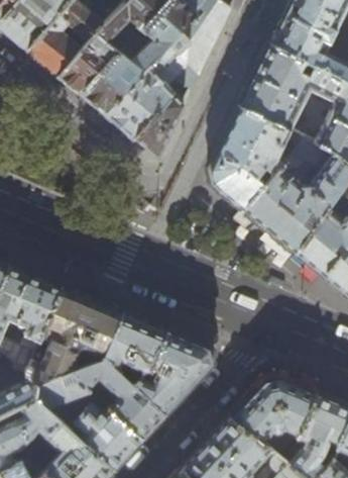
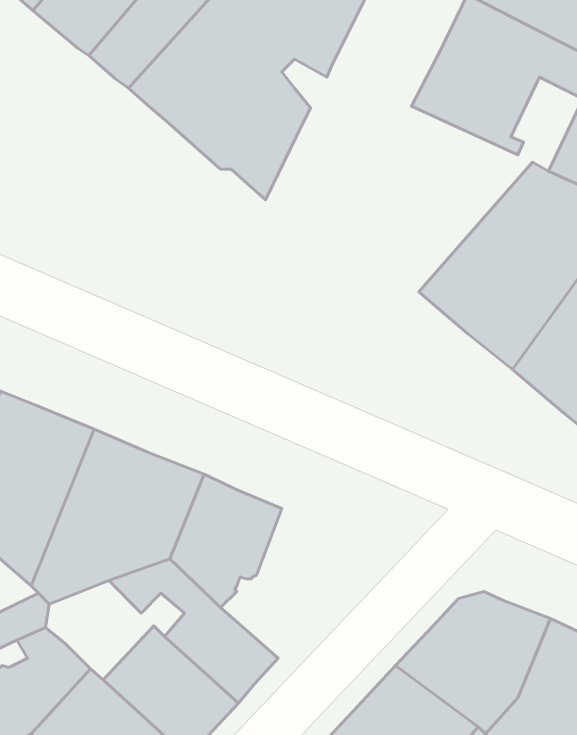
building: [209,106,307,210] -> none
building: [132,331,213,415] -> none
building: [34,372,90,407] -> none

